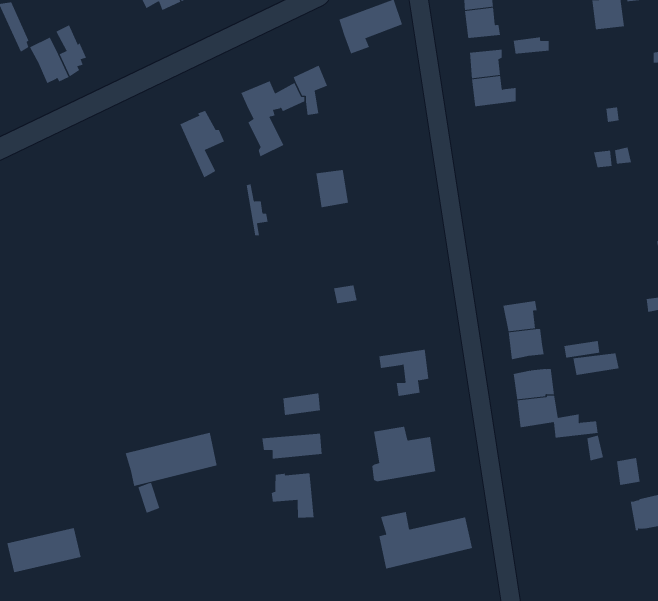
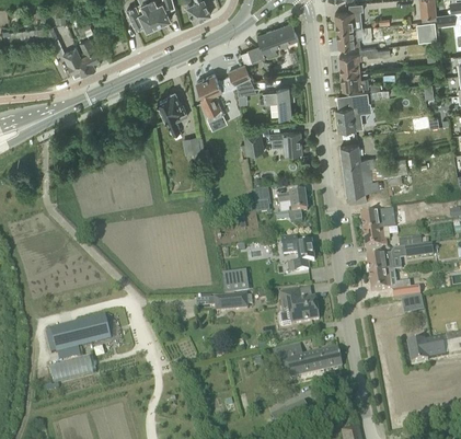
building: none -> [264,84,295,115]
building: none -> [335,92,369,130]
building: none -> [270,130,302,153]
building: none -> [341,143,383,203]
building: none -> [277,192,307,222]
building: [125,432,217,486] -> [51,317,110,351]
building: [271,473,314,518] -> none
building: none -> [407,337,443,363]

